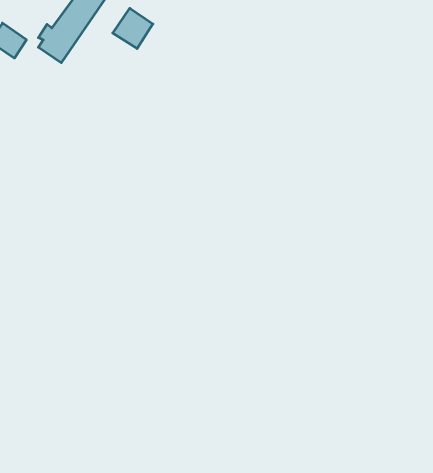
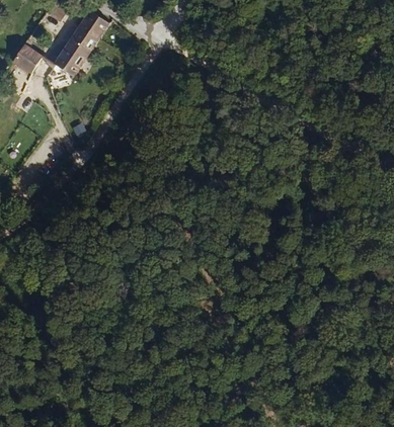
building: [113,8,153,49] -> none

